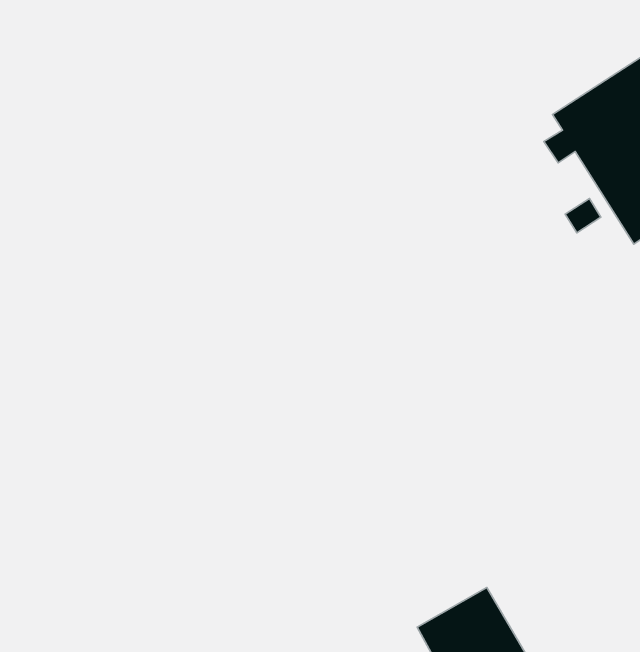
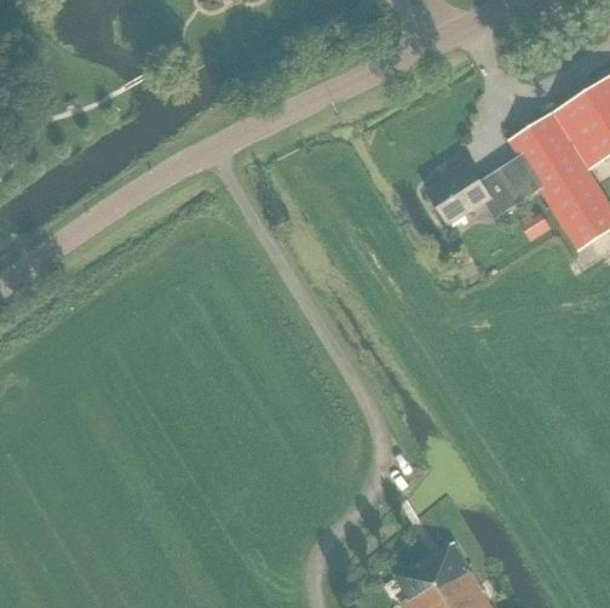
building: none -> [426,162,519,225]

